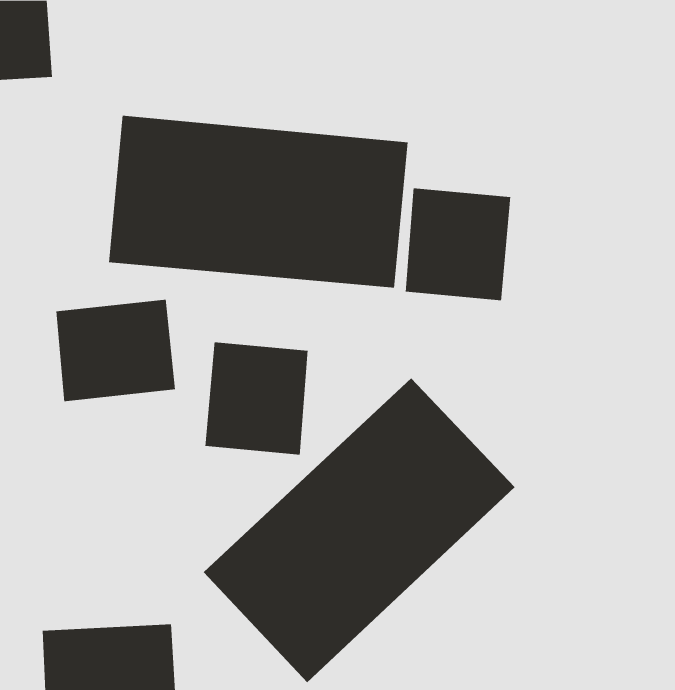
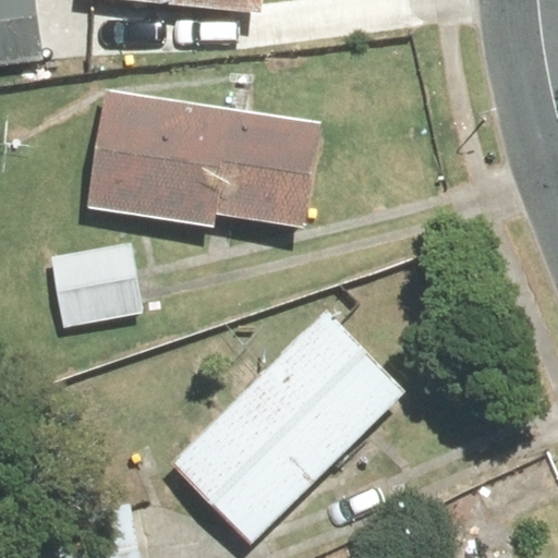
building: [405,188,511,301] -> none
building: [205,341,308,455] -> none

